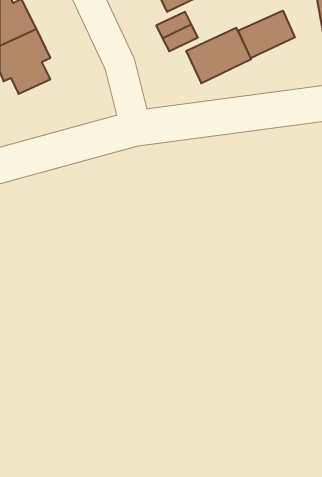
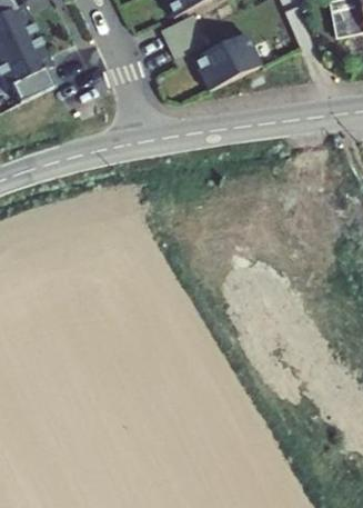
building: [238,11,295,58] -> none

